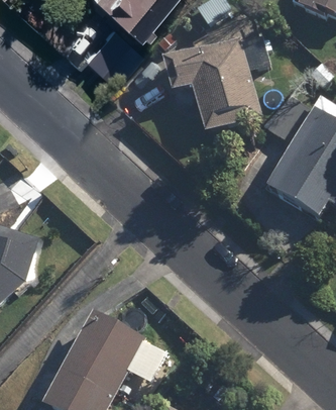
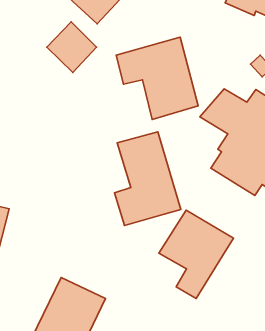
building: none -> [115,132,181,226]
building: none -> [159,210,234,298]

